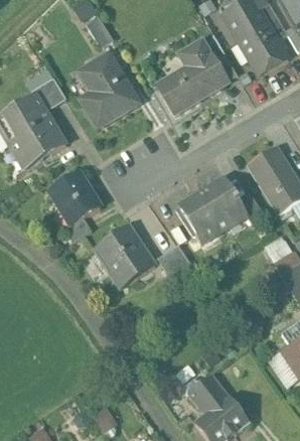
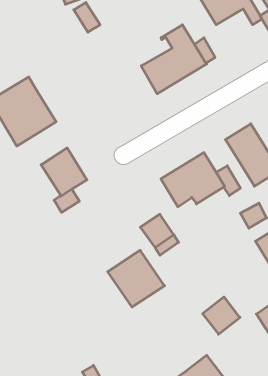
building: [238,22,287,75] -> none
building: [79,54,138,127] -> none
building: [31,79,65,111] -> none
building: [94,226,155,287] -> [108,250,165,307]
building: [187,374,228,414] -> [203,297,240,334]

